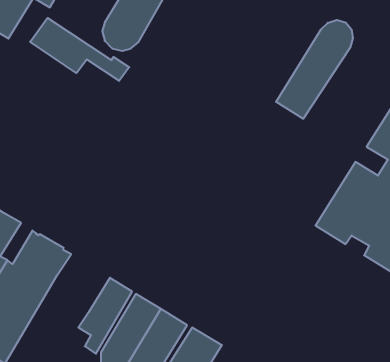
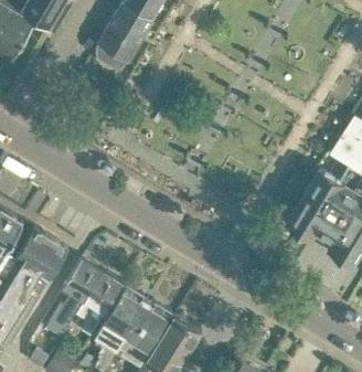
building: [30,18,129,81] -> none
building: [276,20,353,119] -> none
building: none -> [51,257,103,330]

